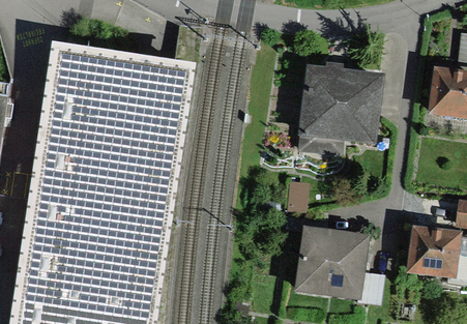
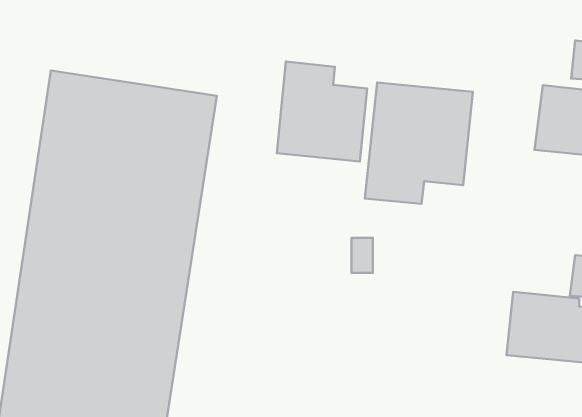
building: none -> [277,62,367,162]
building: [296,226,371,299] -> none

